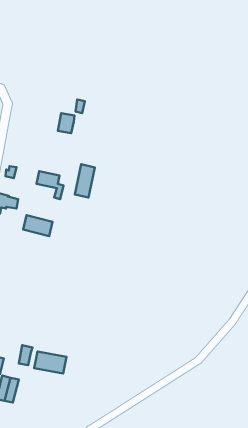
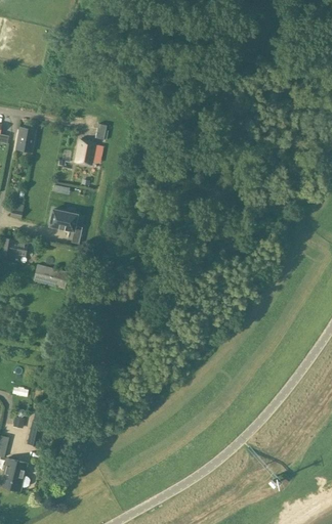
building: none -> [15,126,36,151]
building: [75,164,95,198] -> none
building: [34,352,67,373] -> none

